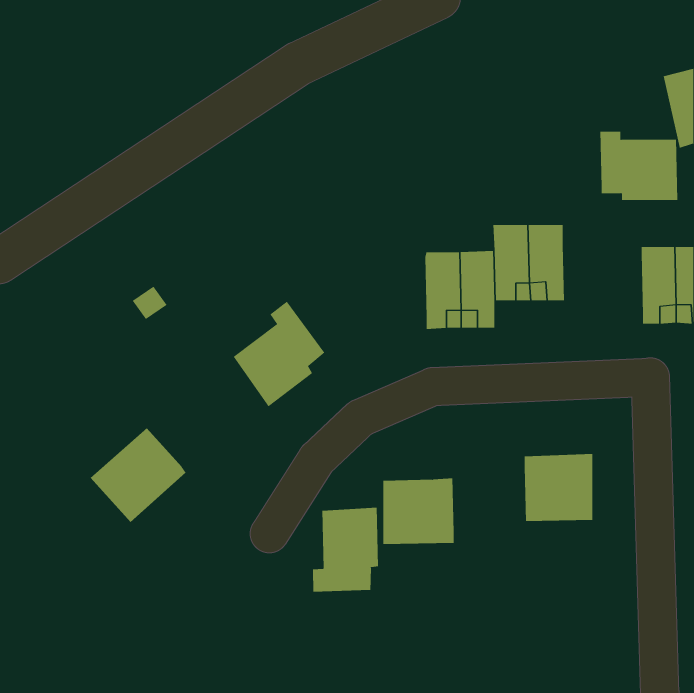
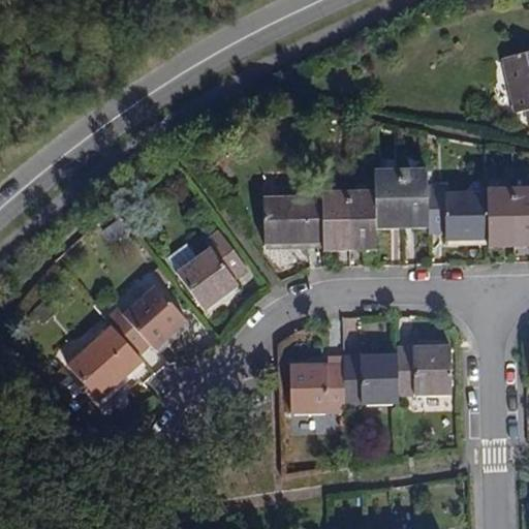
building: [599,131,678,200] -> [428,186,488,239]
building: none -> [266,195,323,244]
building: none -> [105,284,186,354]
building: none -> [344,354,399,404]
building: [312,507,378,592] -> none

